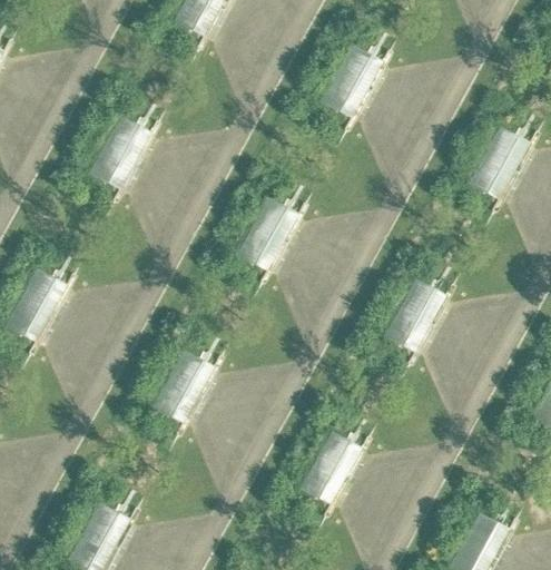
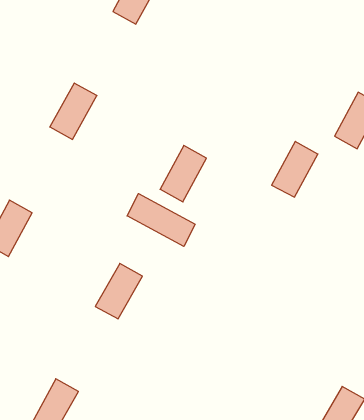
building: [317,43,378,117] -> none
building: none -> [127,194,195,246]
building: [381,277,442,351] -> [272,141,318,197]
building: [295,432,356,507] -> none

